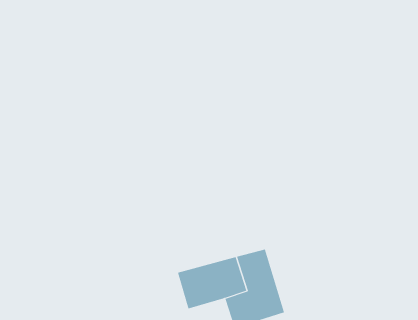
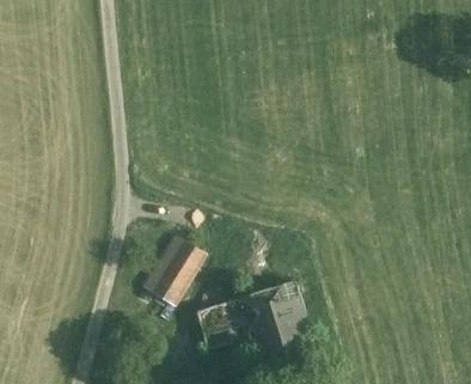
building: none -> [143,236,206,304]

